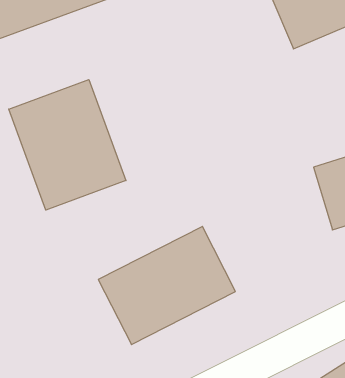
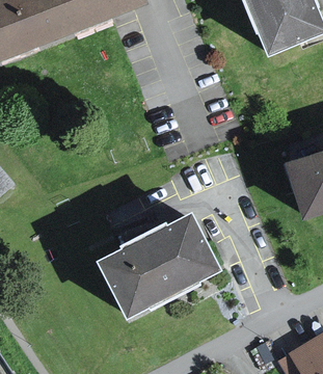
building: [9,80,126,210] -> none

